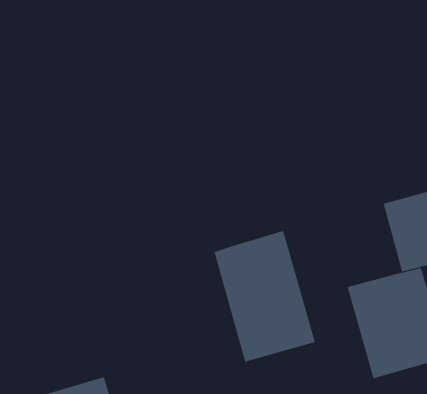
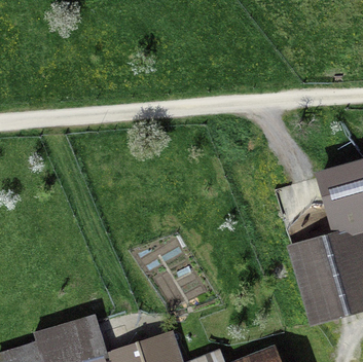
building: [214,230,315,363] -> none

